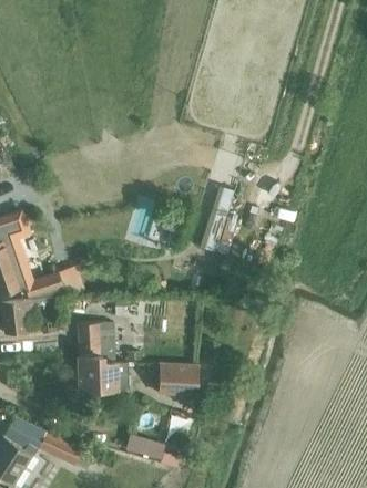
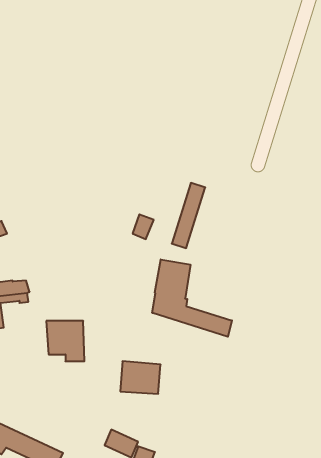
building: none -> [152,259,232,337]
building: [80,356,129,391] -> none

